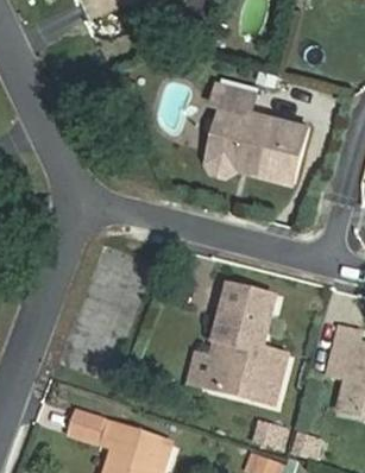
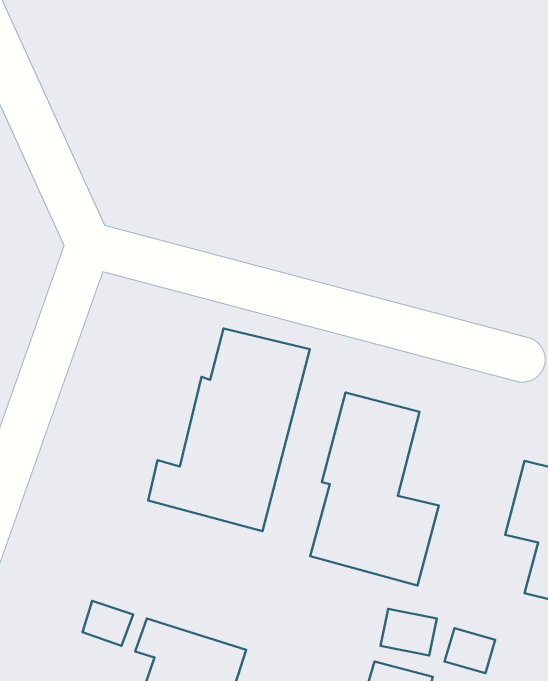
building: [204,84,304,183] -> none
building: none -> [148,329,310,531]

